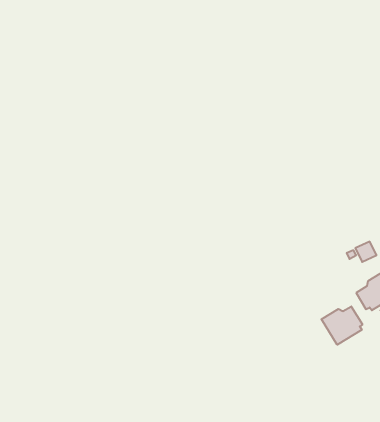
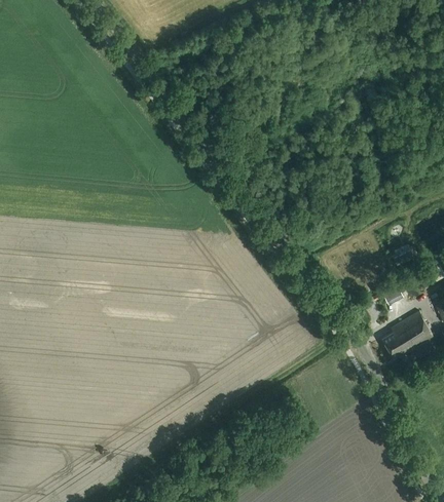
building: [321,306,362,345] -> none

